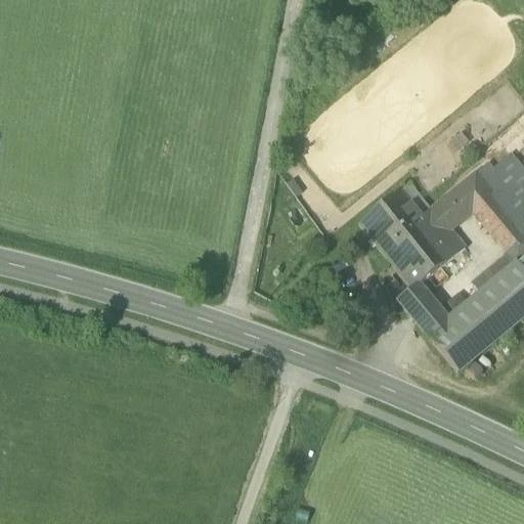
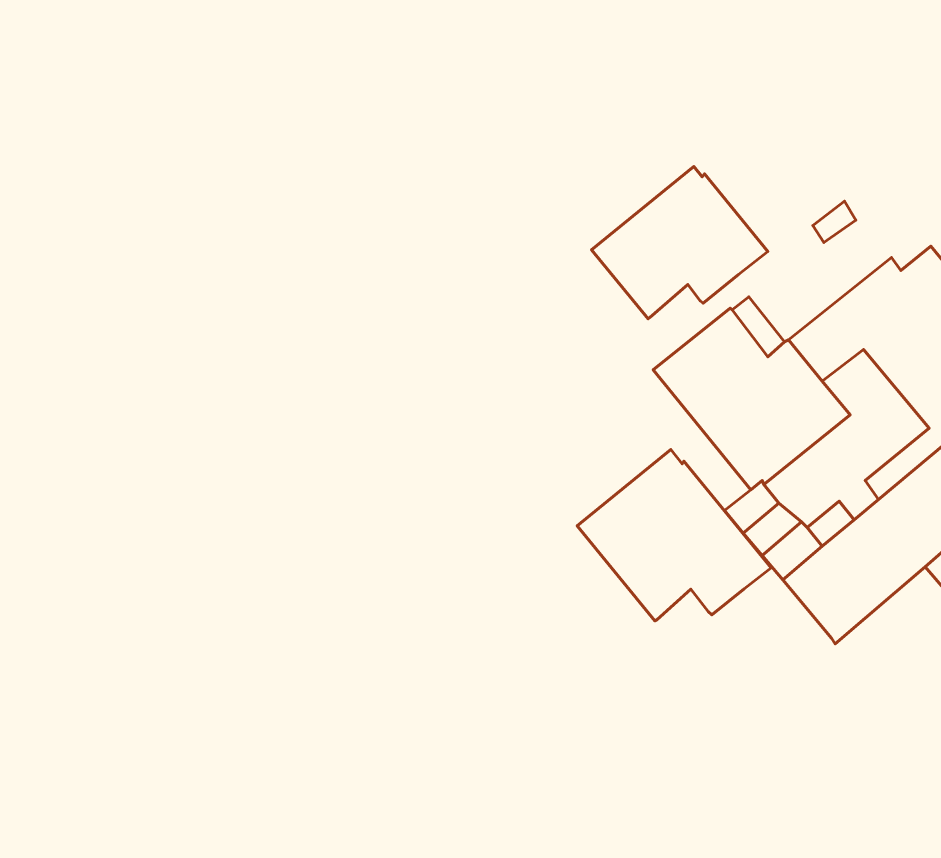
building: none -> [591,166,768,319]
building: none -> [577,450,771,621]

